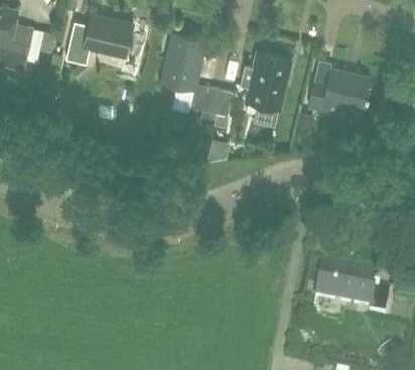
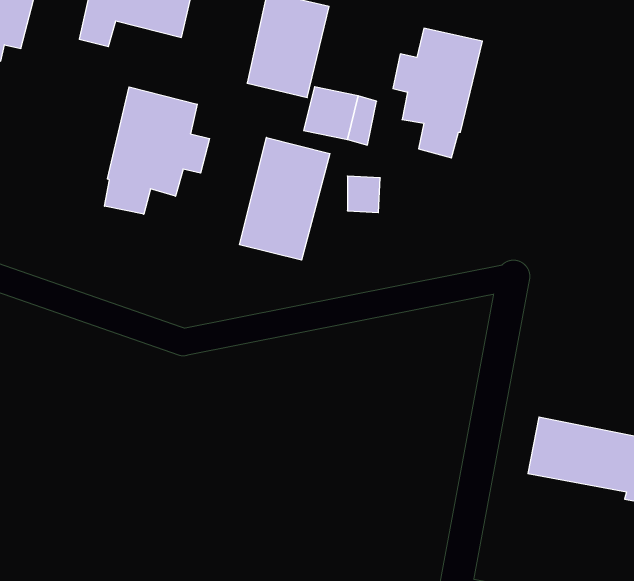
building: [307,68,370,120] -> none
building: none -> [105,87,210,214]
building: none -> [240,137,330,260]

